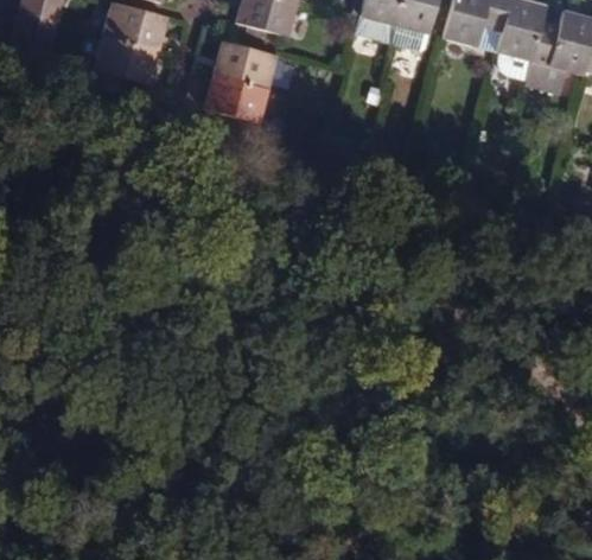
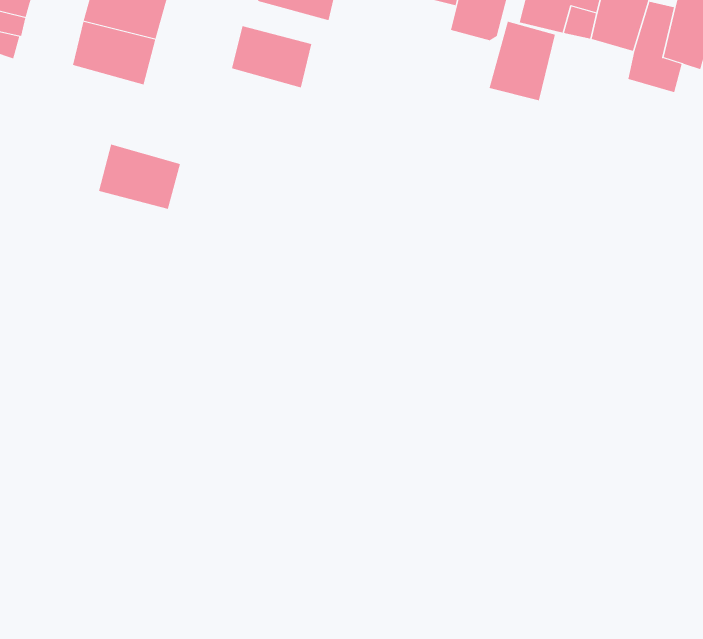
building: none -> [489,21,556,101]
building: [208,72,272,123] -> [98,144,181,210]

